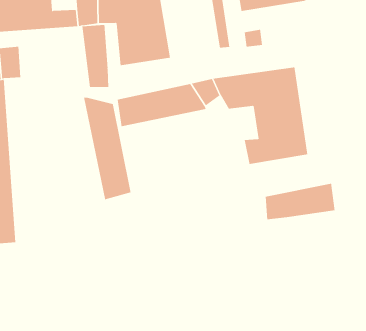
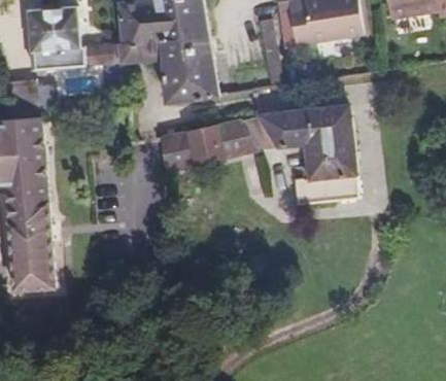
building: [82,24,109,88] -> none
building: [83,97,131,200] -> none
building: [265,183,335,220] -> none

